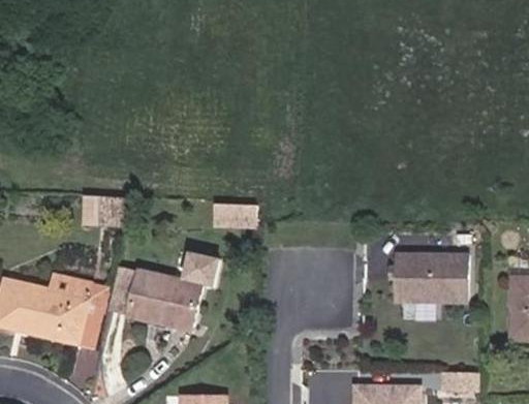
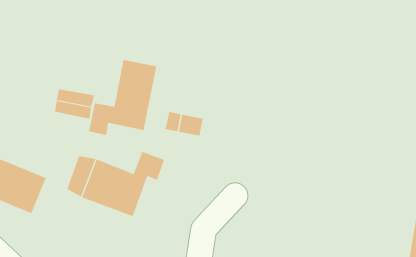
building: none -> [89,59,157,136]
building: [396,254,467,302] -> none
building: [50,275,106,346] -> none

